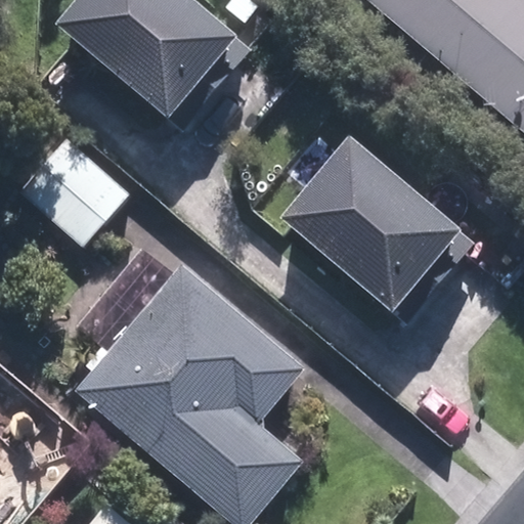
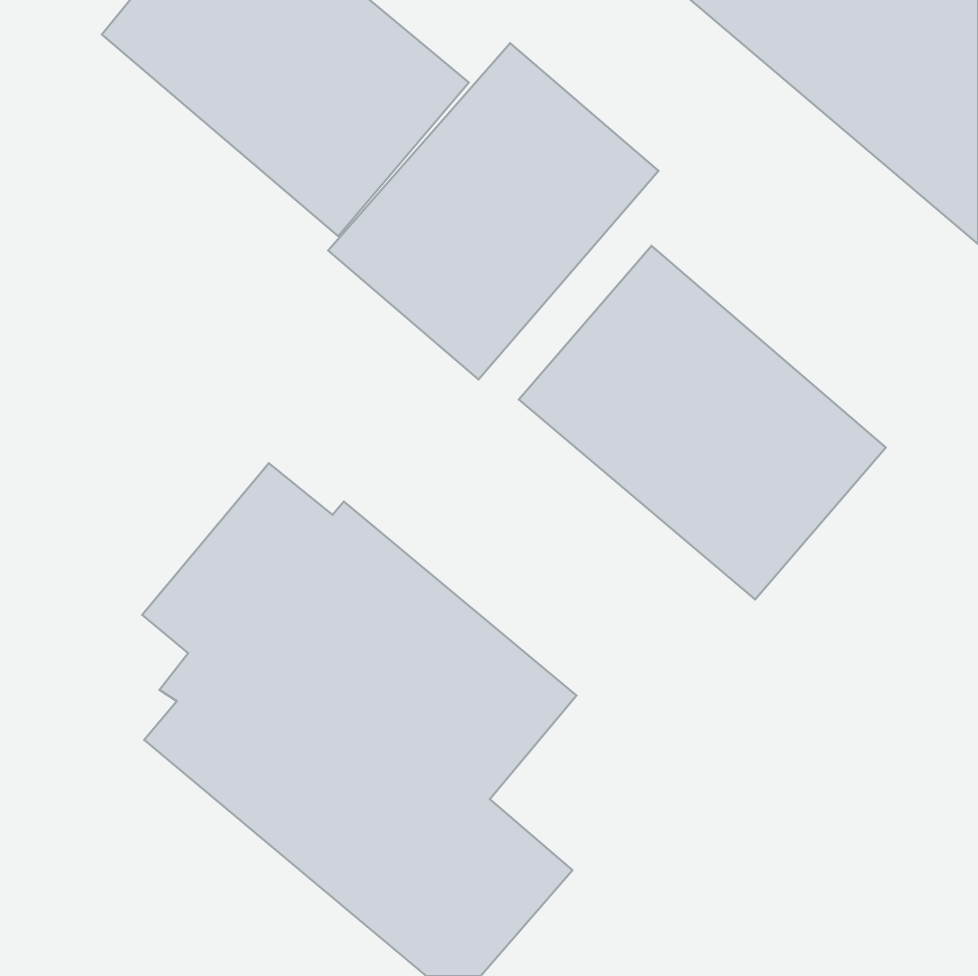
building: none -> [328,43,658,380]
building: [16,136,128,246] -> none

